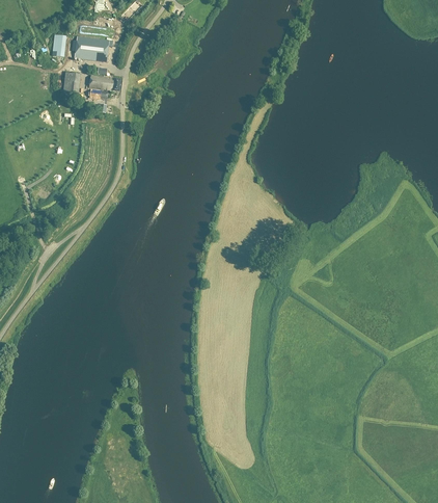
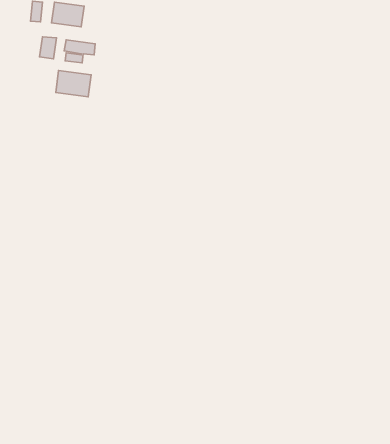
building: none -> [56,70,91,97]

